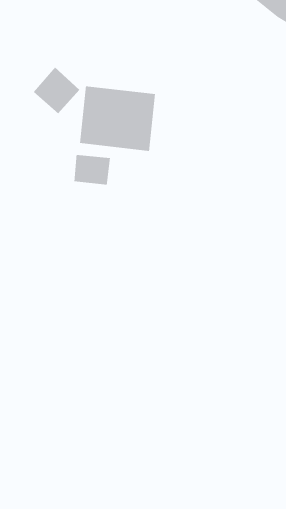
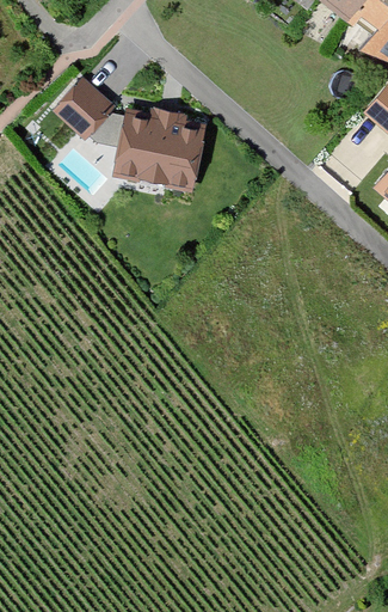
building: [74,154,110,186] -> none

